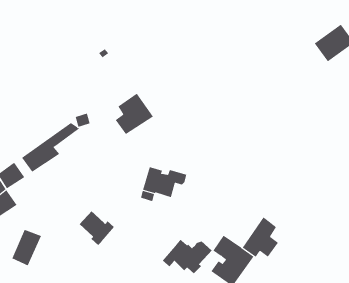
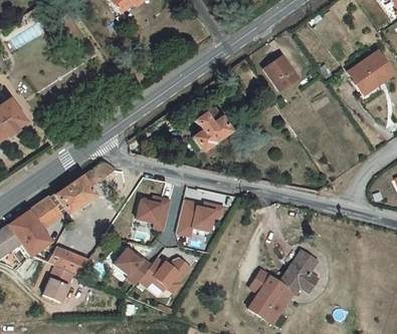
building: none -> [266,60,300,94]
building: [115,93,154,135] -> [191,102,231,145]
building: none -> [137,198,172,230]
building: none -> [47,246,84,275]
building: [162,239,212,274] -> [137,257,189,293]

